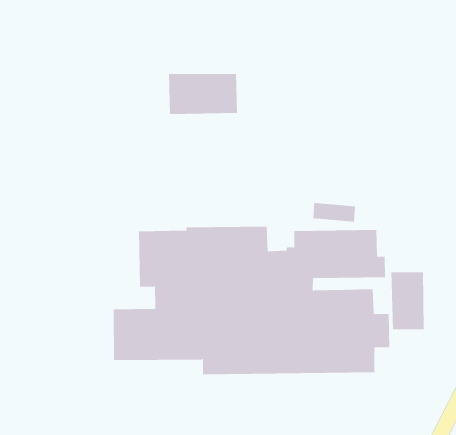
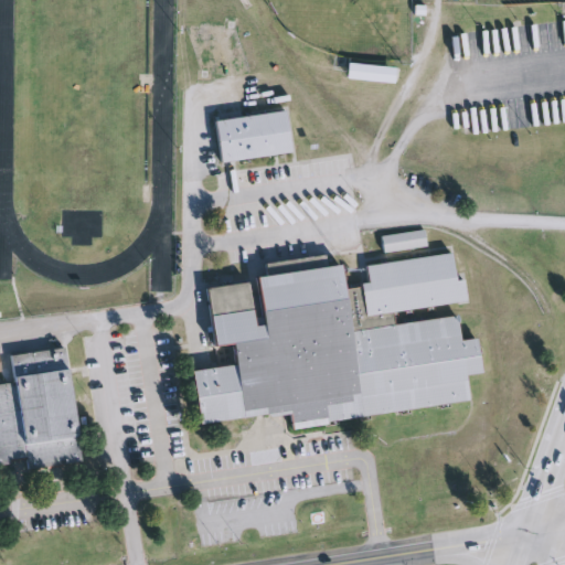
building: none -> [350,63,398,79]
building: [391,271,424,330] -> none

